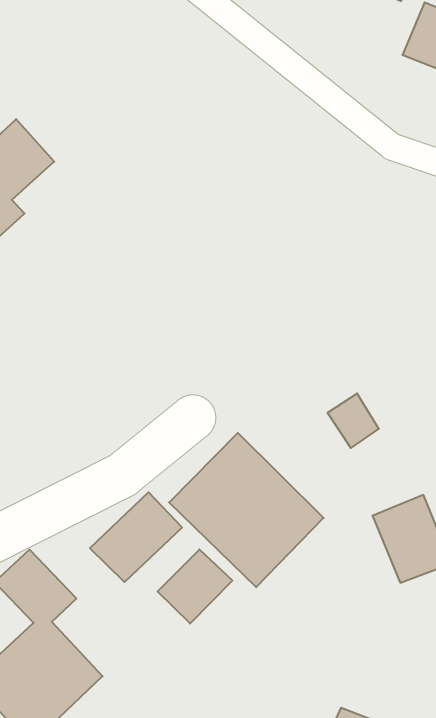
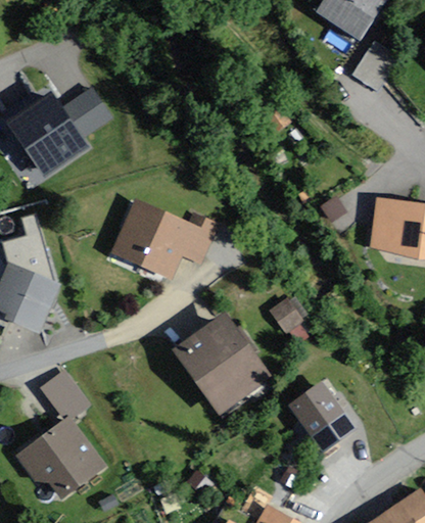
building: none -> [108,200,217,277]
building: [90,492,182,582] -> none
building: [158,549,232,624] -> none

